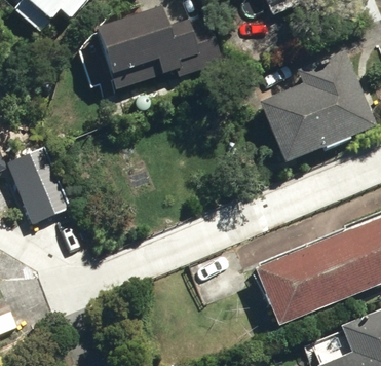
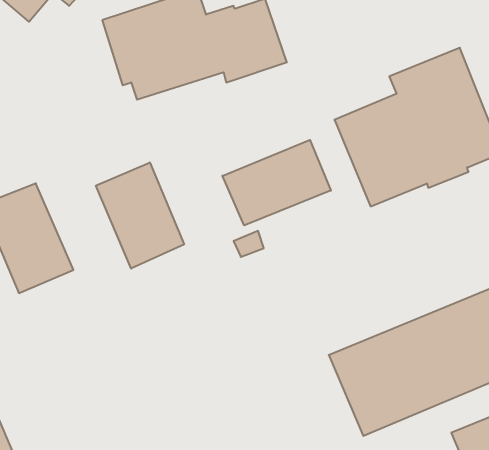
building: none -> [222,140,331,225]
building: none -> [96,162,184,269]

